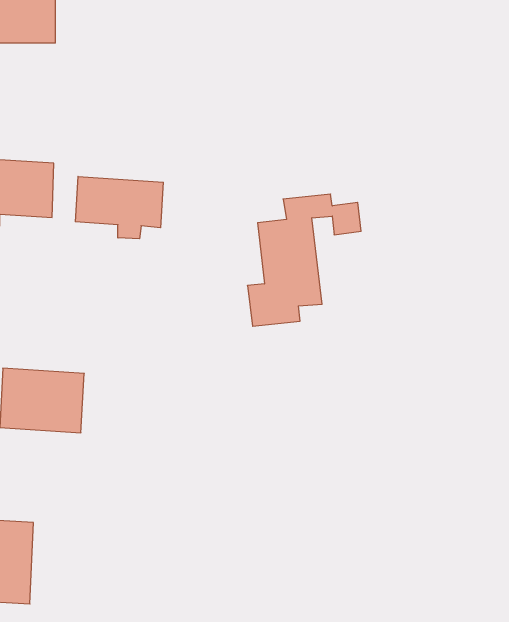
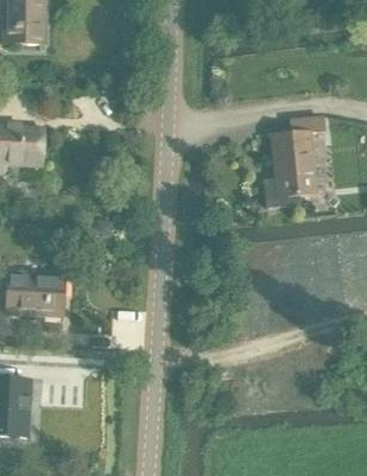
building: [75,176,163,239] -> none
building: [247,194,361,326] -> [265,116,344,209]

